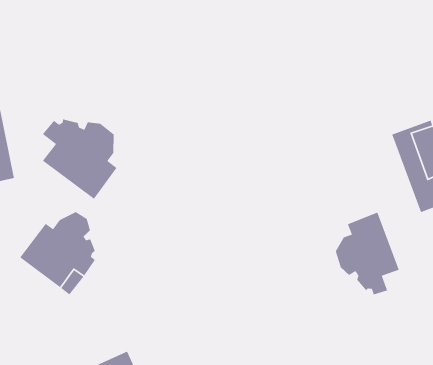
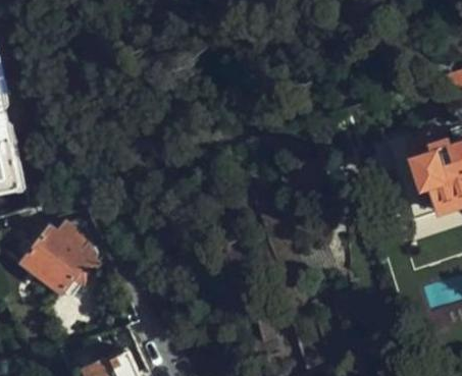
building: [42,119,118,200] -> none
building: [335,212,400,295] -> none

